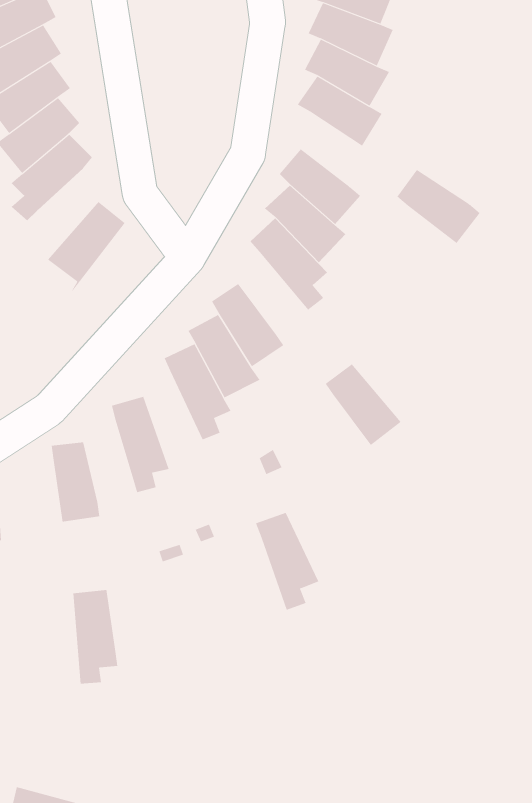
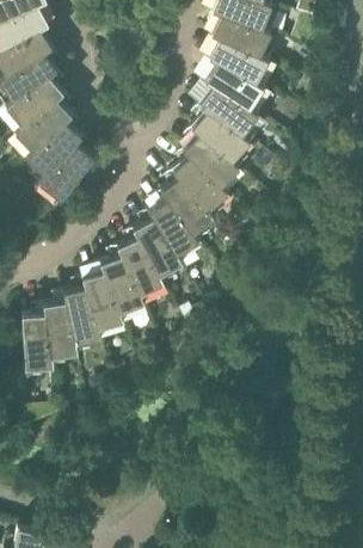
building: none -> [27,125,81,185]
building: [397,169,480,244] -> [199,88,254,137]
building: [325,364,402,446] -> [161,180,211,234]
building: none -> [63,290,99,344]
building: [255,512,319,611] -> [100,258,142,322]
building: [73,589,118,684] -> [21,316,51,378]

